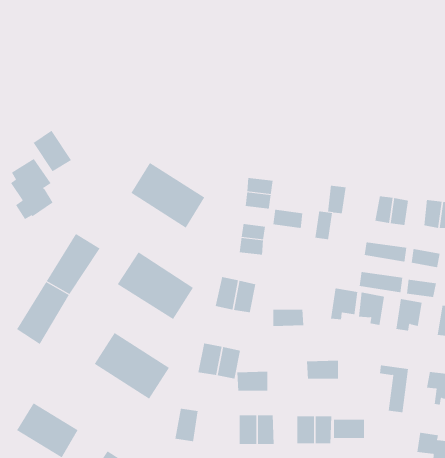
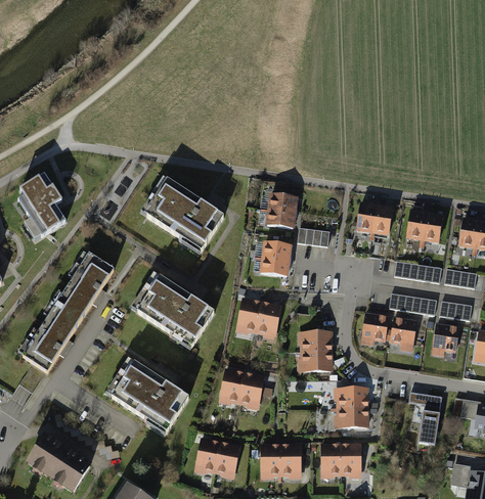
building: [33,130,72,172] -> none
building: [315,211,333,240] -> [372,203,392,234]
building: [237,371,268,391] -> [298,351,332,372]
building: none -> [214,442,238,479]
building: [333,419,365,438] -> [335,408,368,428]

